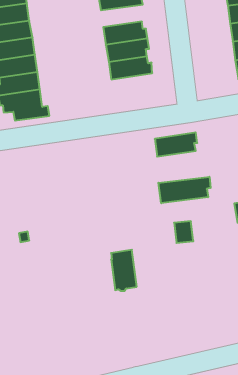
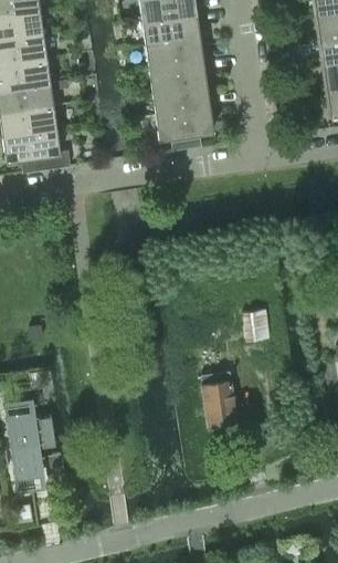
building: none -> [141,12,201,43]
building: [155,132,197,157] -> [156,106,214,139]
building: [158,177,211,203] -> none
building: [111,250,137,291] -> [201,371,236,427]
building: none -> [8,410,56,487]

